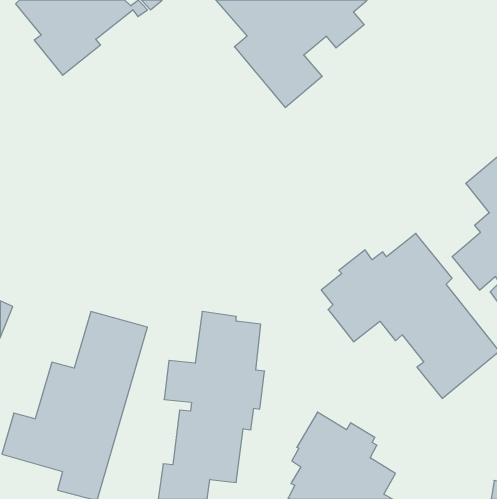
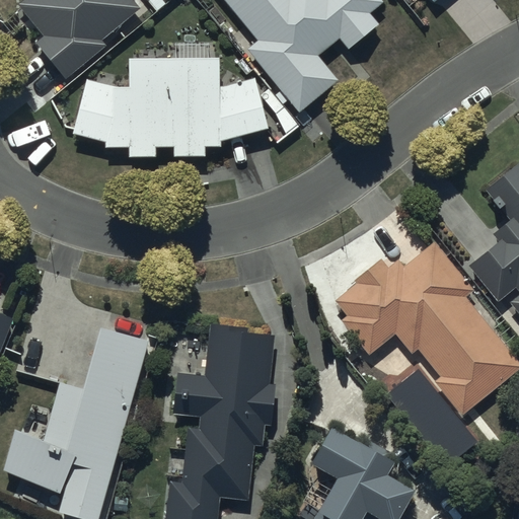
building: none -> [73,58,269,158]

